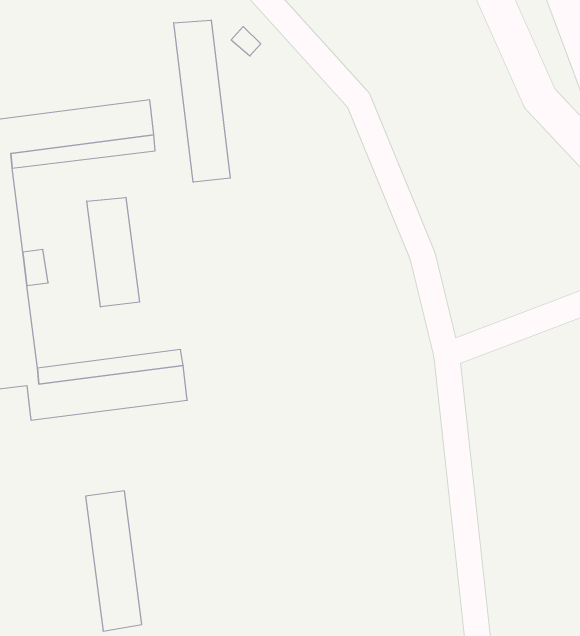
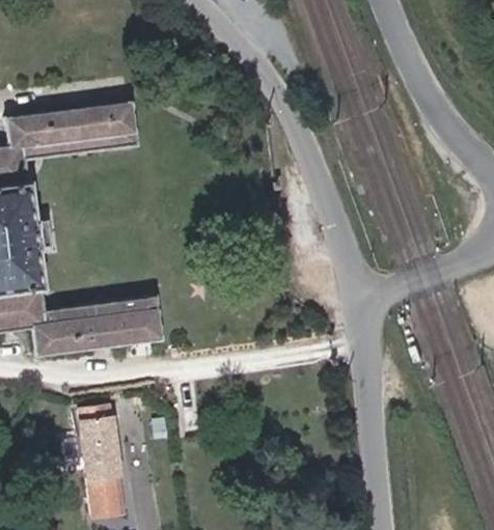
building: [174,20,230,182] -> none
building: [87,197,140,307] -> none

